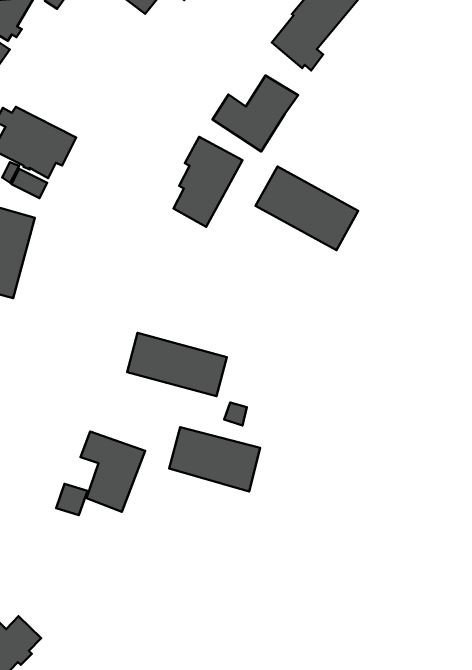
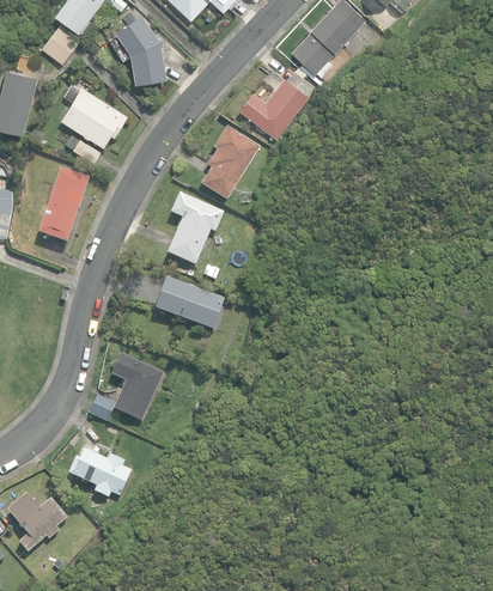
building: none -> [114,14,166,84]
building: [256,167,358,250] -> none
building: none -> [166,193,223,266]
building: [169,427,260,492] -> none
building: none -> [67,449,130,498]

